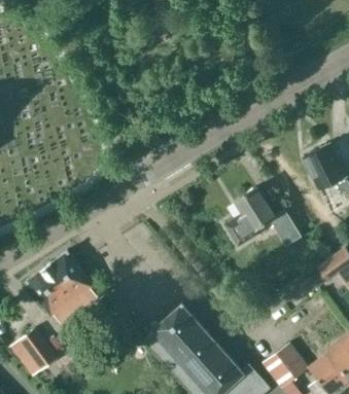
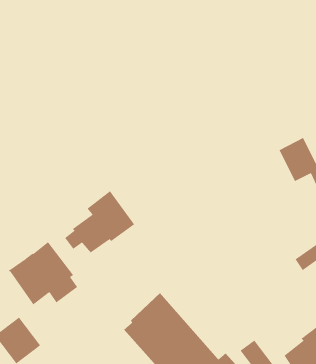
building: [225,188,302,247] -> none
building: none -> [64,190,135,254]

